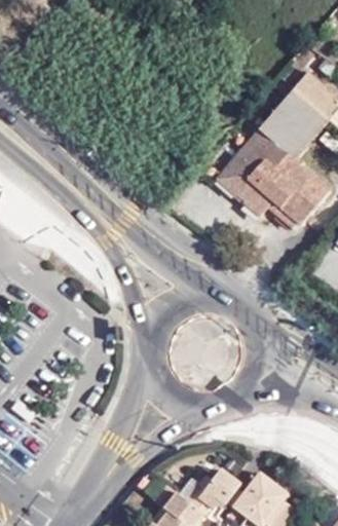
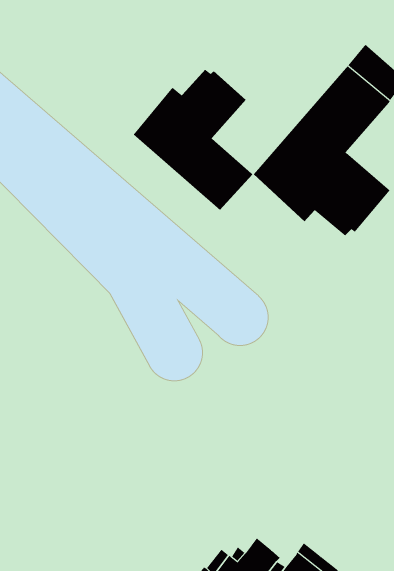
building: none -> [133,69,253,211]

